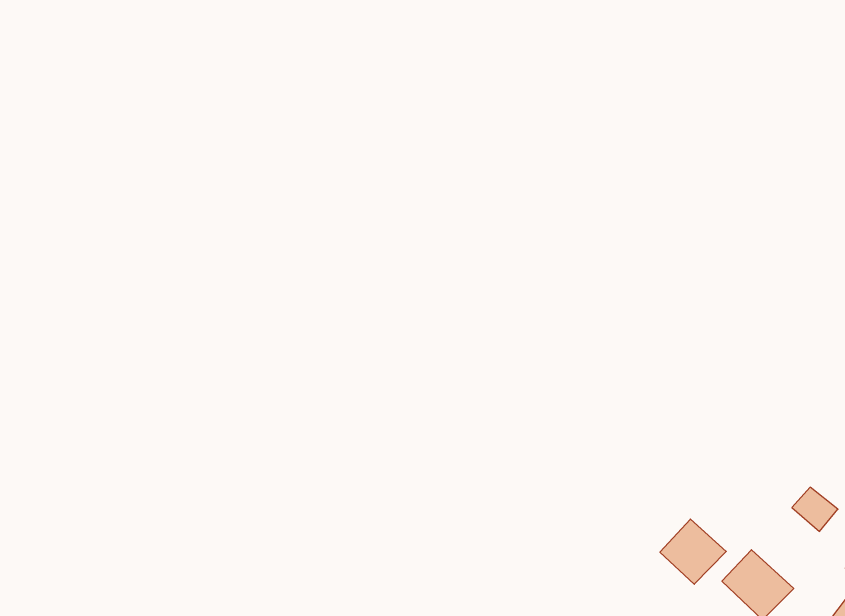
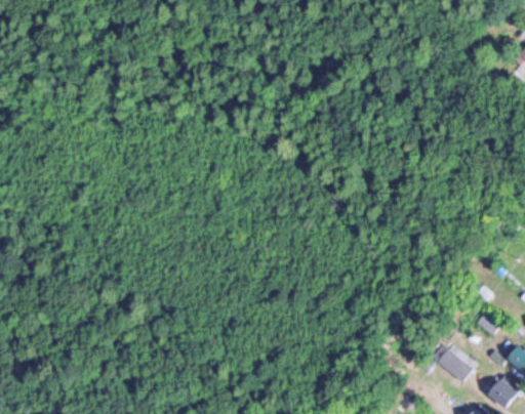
building: [660,519,726,584] -> none

